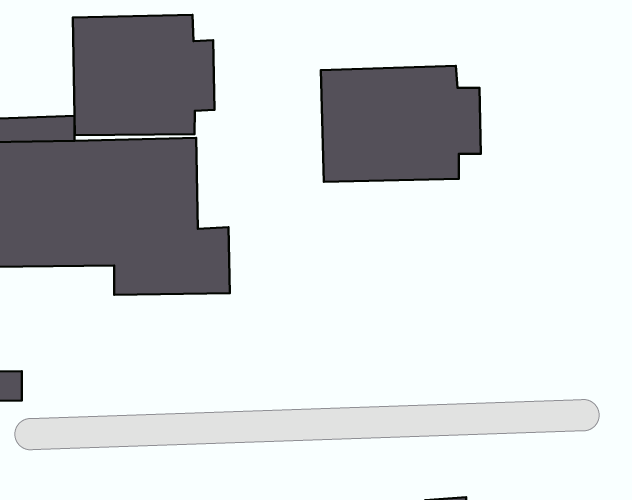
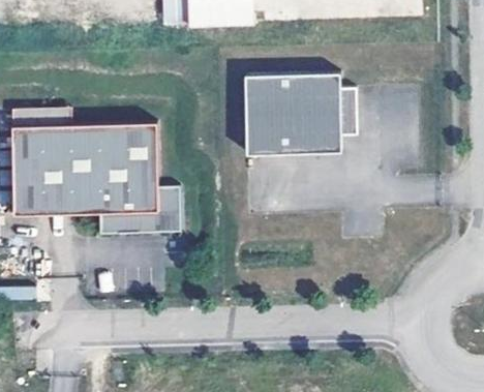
building: [73,15,214,135] -> none

